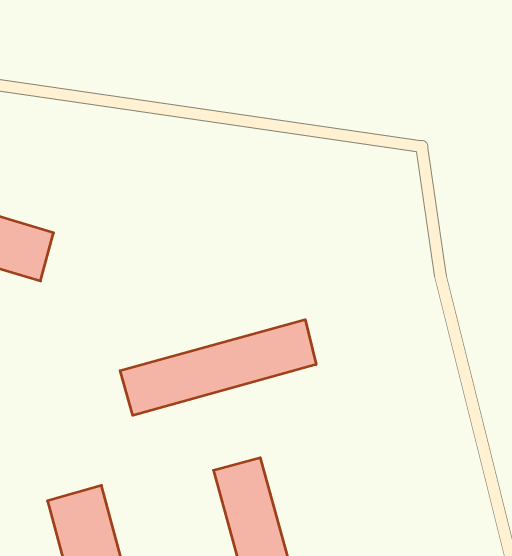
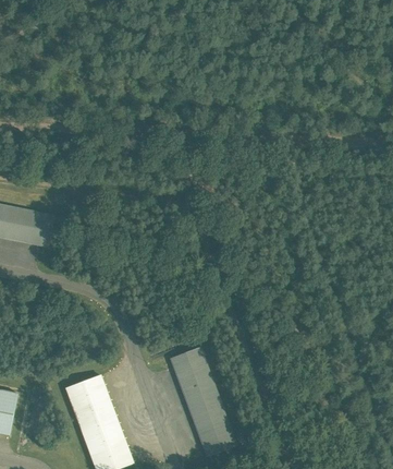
building: [120,320,316,415] -> none

